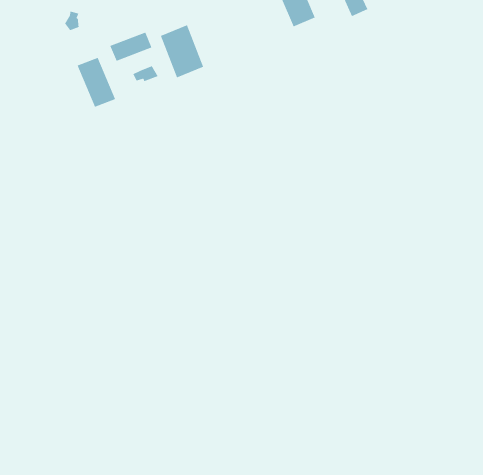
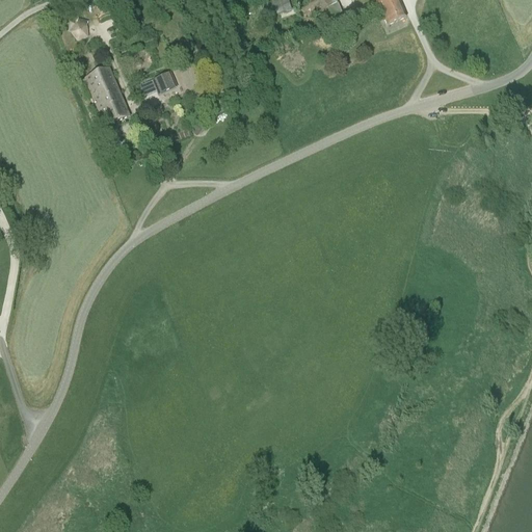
building: [160,24,204,78] -> none
building: [109,31,153,62] -> none

